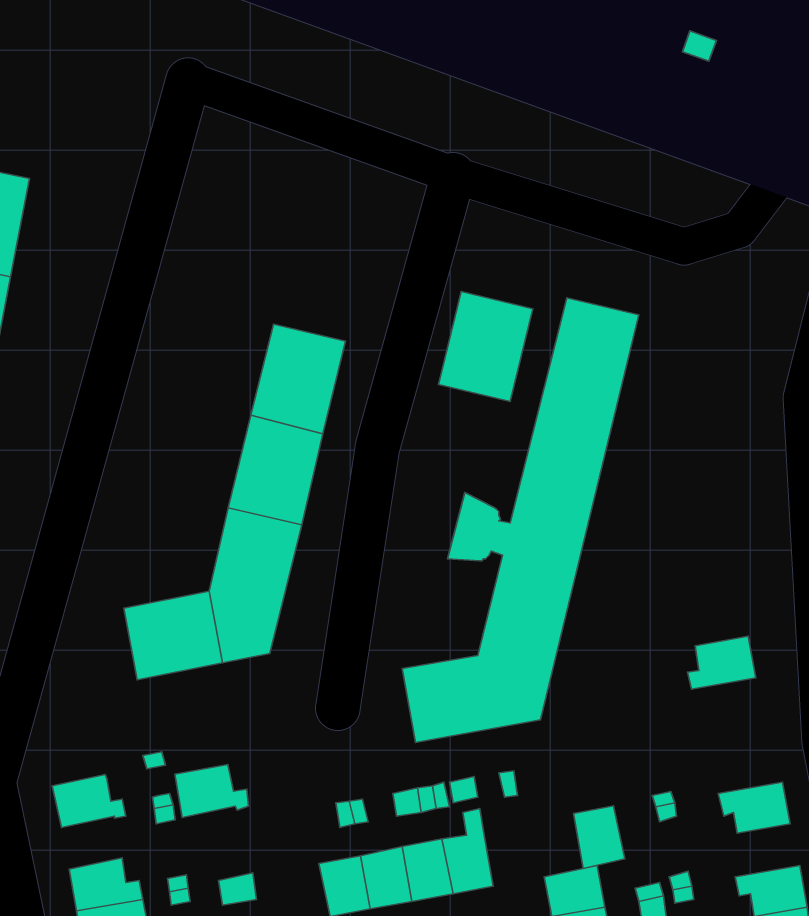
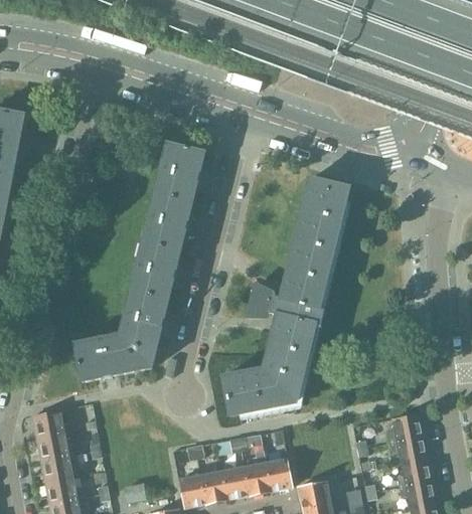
building: [438,292,533,401] -> [154,143,204,201]
building: [688,636,756,689] -> [388,413,425,442]
building: [175,765,249,818] -> [32,409,71,438]
building: [574,806,625,868] -> [266,458,293,491]
building: none -> [41,454,73,482]
building: none -> [398,458,434,486]

